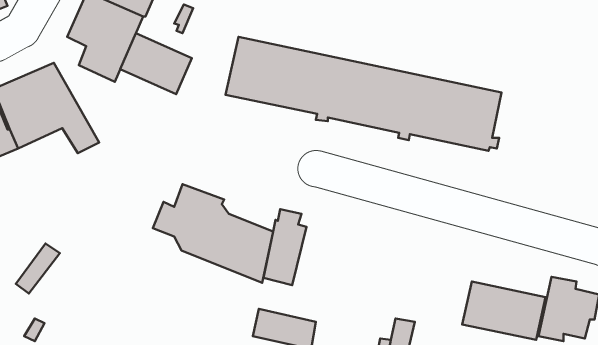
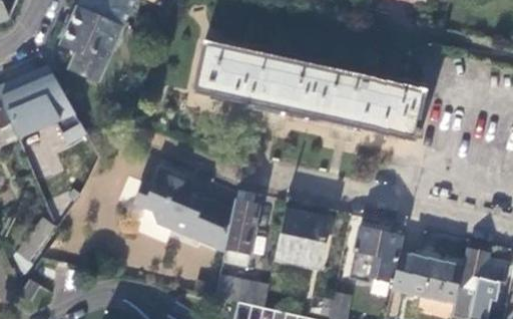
building: [120,33,192,94] -> none
building: none -> [276,208,329,266]
building: none -> [355,225,403,280]

